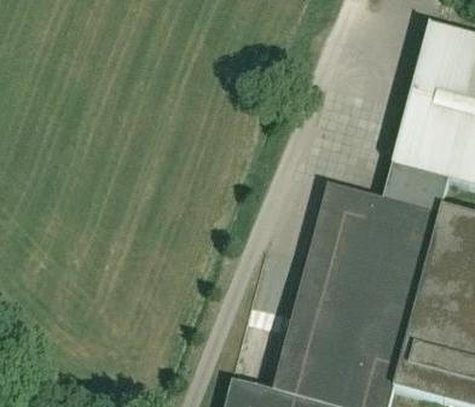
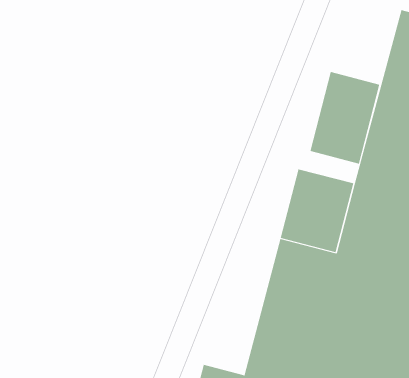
building: none -> [310,71,380,164]

